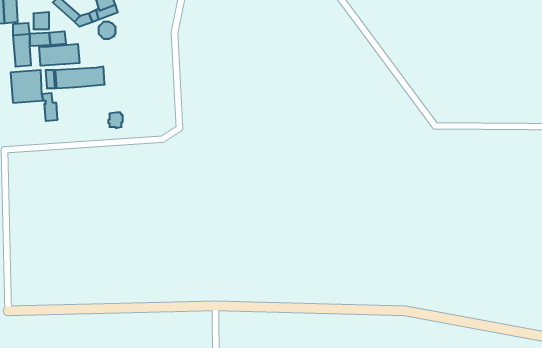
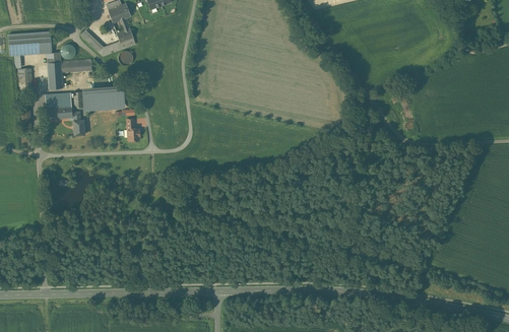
building: [39,44,79,66] -> none

